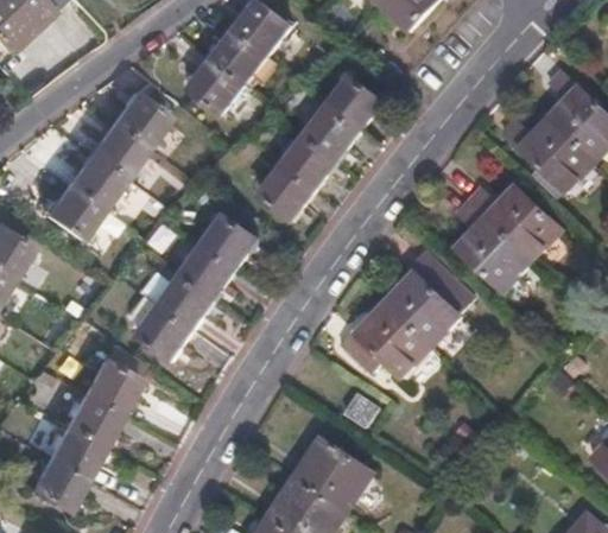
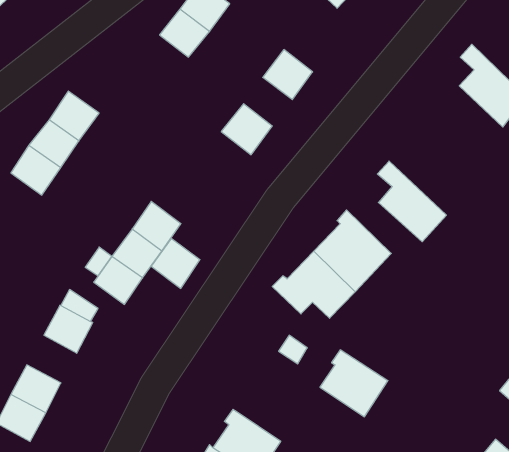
building: [189,59,243,114] -> none
building: [109,91,166,147] -> none
building: [305,107,360,161] -> none
building: [502,116,595,192] -> none
building: [260,167,314,220] -> none
building: [468,185,562,261] -> none
building: [202,215,256,271] -> [151,239,200,288]
building: [63,395,119,449] -> none
building: [297,439,373,514] -> [320,350,388,417]

